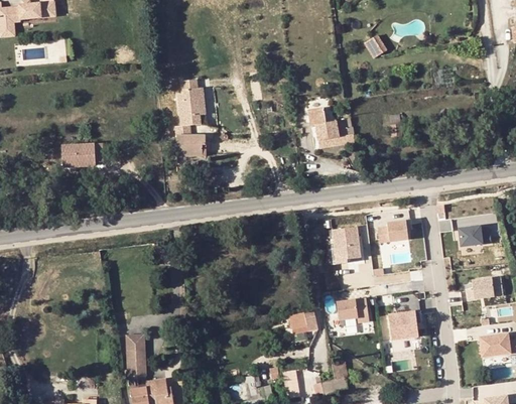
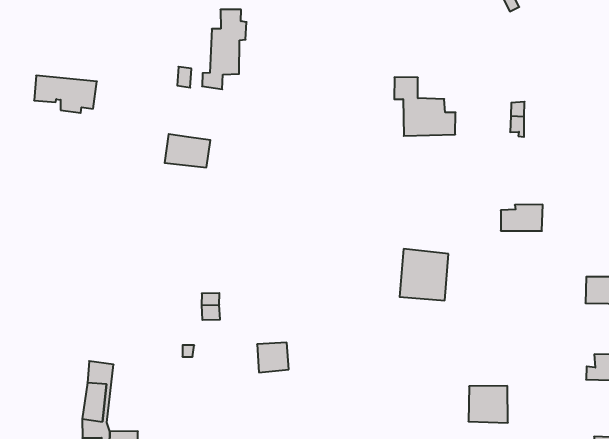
building: [176,136,206,156] -> [165,134,210,167]
building: [378,221,408,243] -> [501,205,543,231]
building: [338,298,370,322] -> none
building: [294,309,318,332] -> [257,343,289,372]

